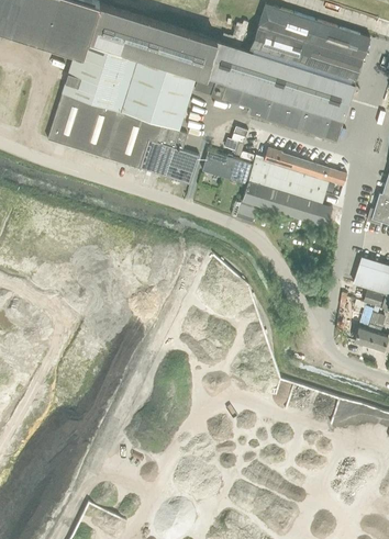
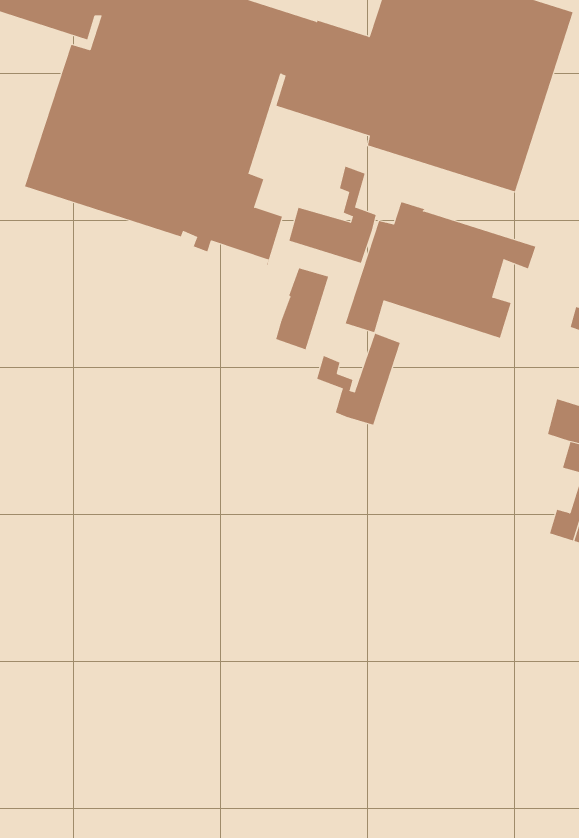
building: none -> [276,267,329,350]
building: none -> [316,333,401,425]

